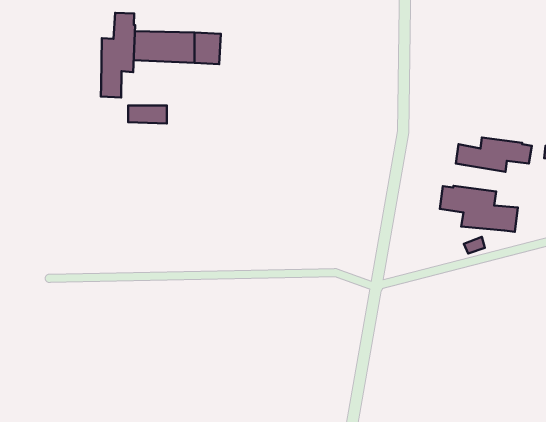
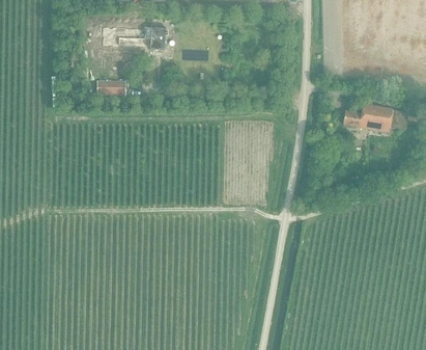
building: [101,13,135,97] -> none
building: [440,186,518,232] -> none

